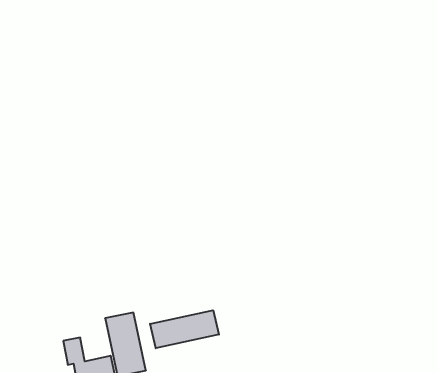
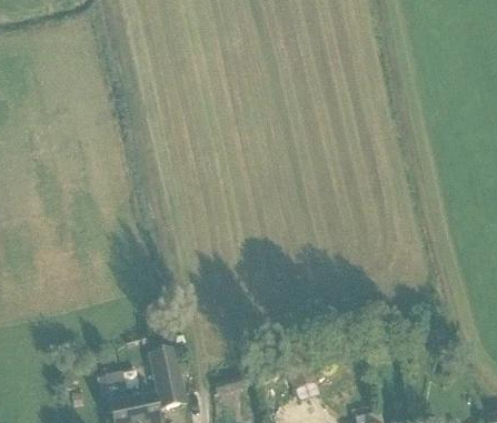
building: [150,310,219,348] -> none

